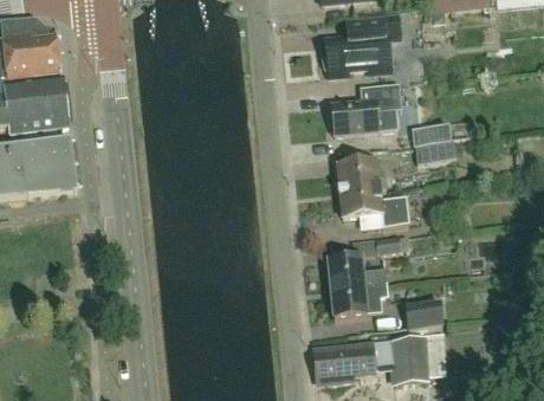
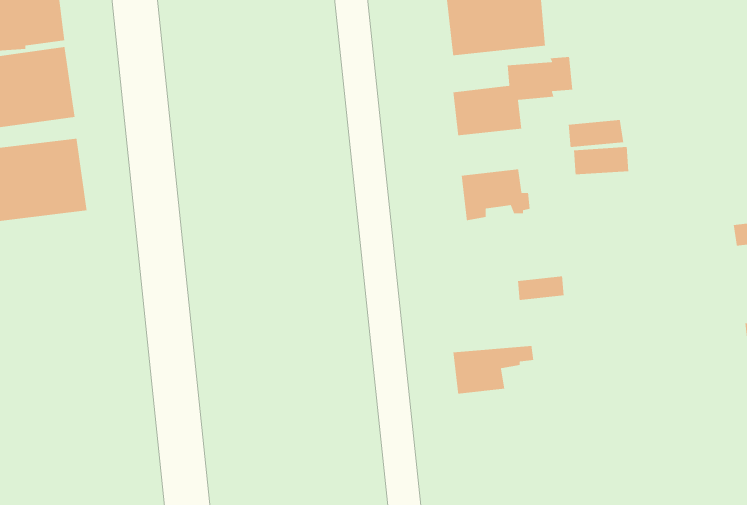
building: [339,185,408,224] -> none
building: [326,254,386,286] -> none
building: [406,300,442,324] -> none
building: [312,330,447,383] -> none

